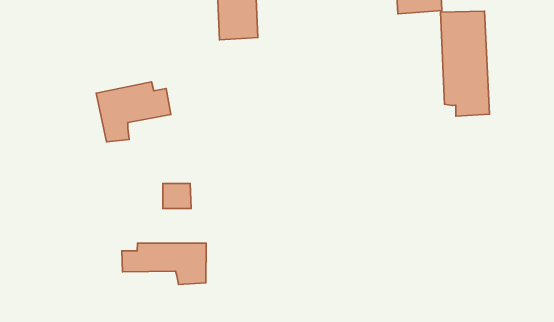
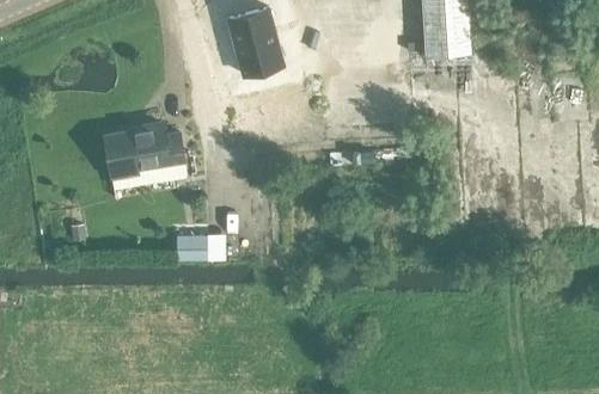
building: [441,11,489,116] -> none
building: [122,243,206,285] -> none

